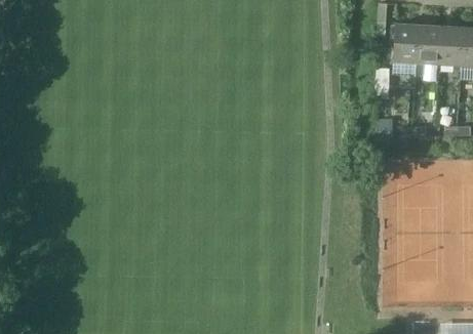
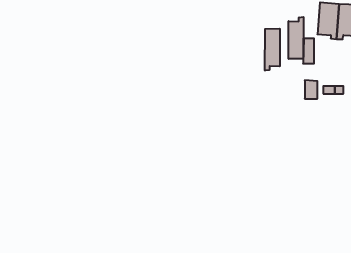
building: none -> [289,17,303,59]
building: none -> [265,29,280,71]

